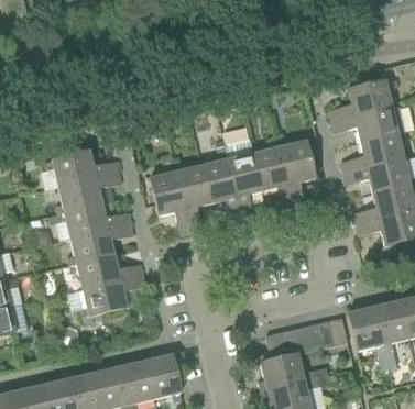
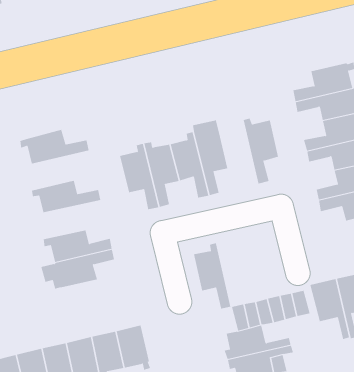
building: [253,141,293,210] -> [193,242,231,309]
building: [55,173,121,214] -> none
building: [67,224,133,265] -> none

